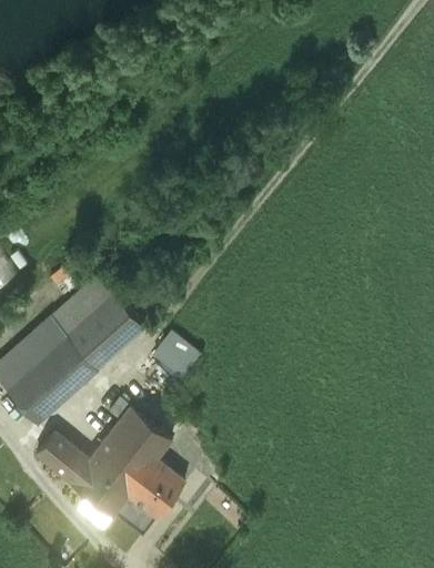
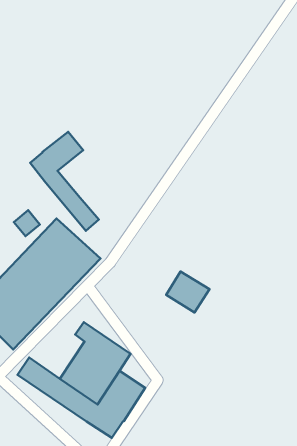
building: none -> [30,132,99,231]
building: [150,328,201,377] -> [166,272,210,313]

